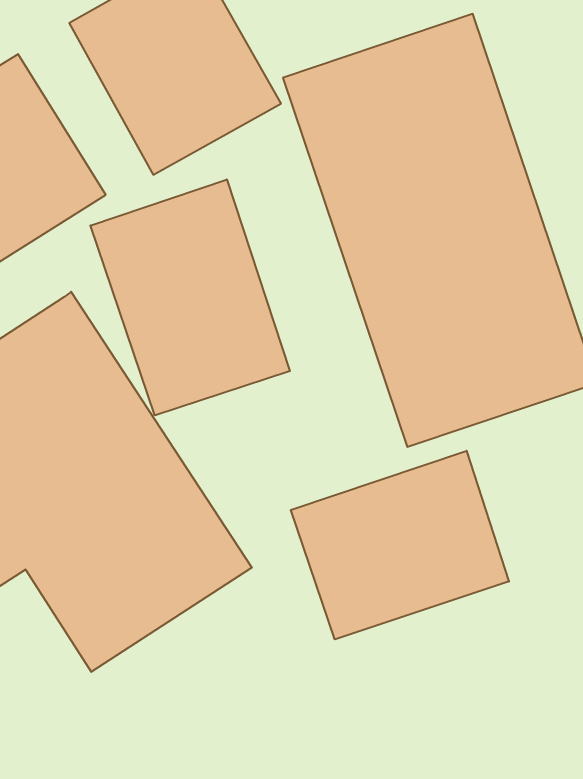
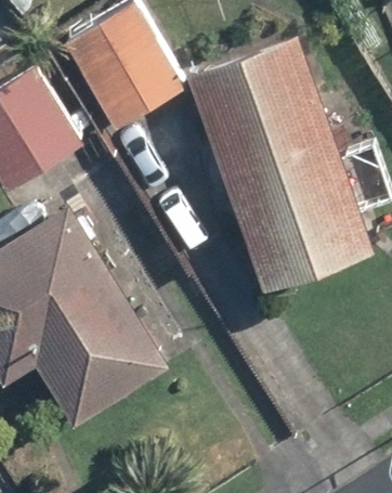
building: [90,179,290,415] -> none
building: [291,451,509,639] -> none

